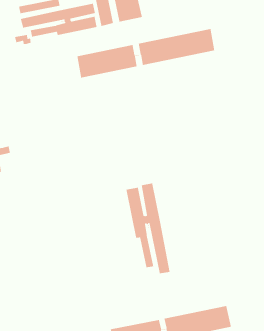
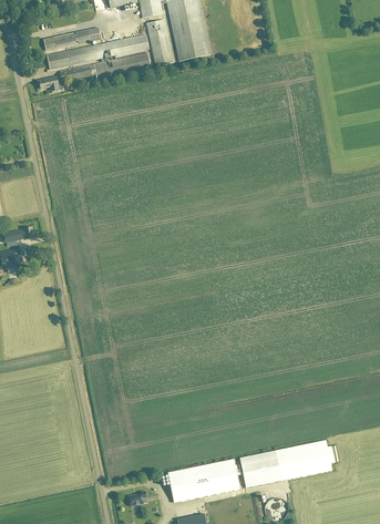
building: [76,28,215,79] -> none
building: [126,183,170,274] -> none

